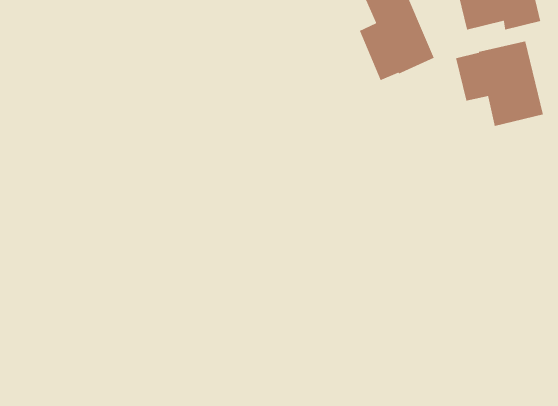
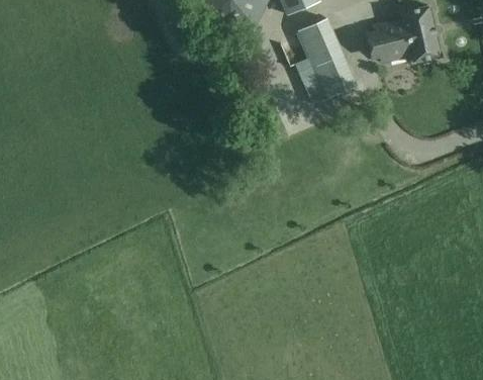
building: [455,40,544,127] -> none

